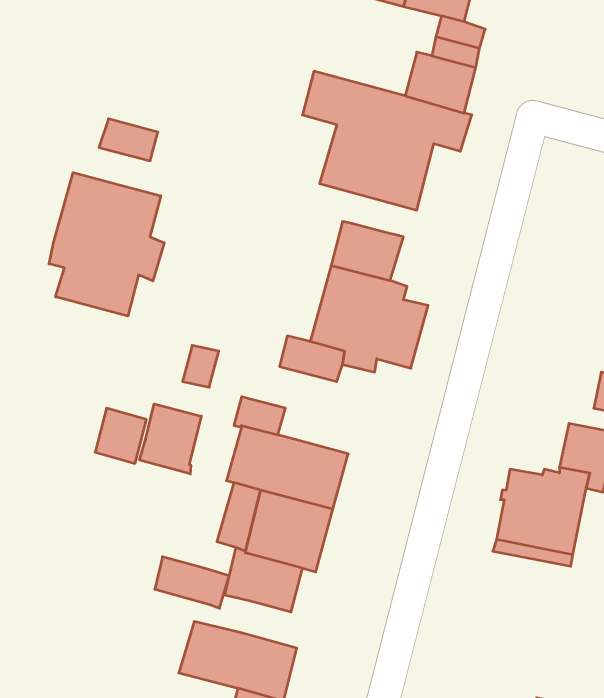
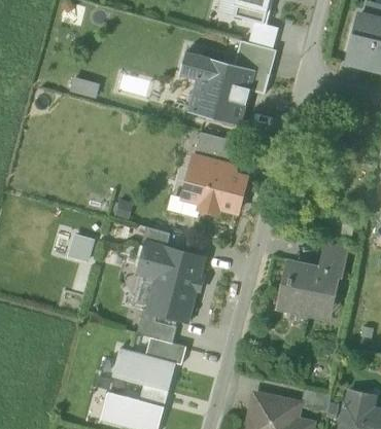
building: [49,173,164,316] -> none
building: [140,404,201,474] -> none
building: [155,557,229,608] -> [146,336,186,364]

